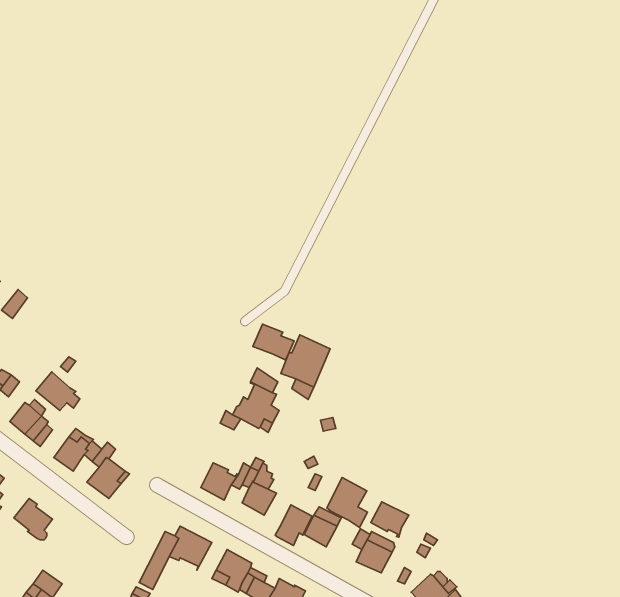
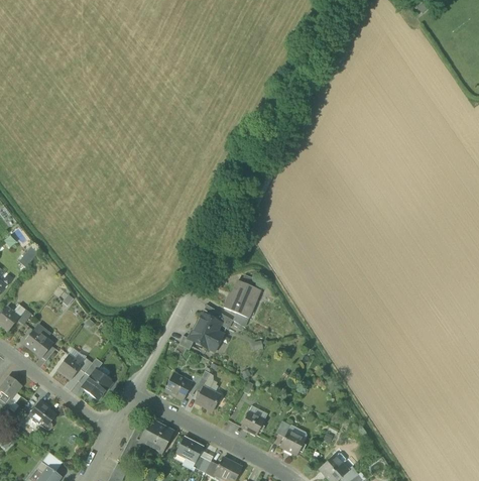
building: [253,324,294,360] -> none
building: [36,372,80,410] -> none
building: [327,478,367,527] -> none
building: [371,502,409,537] -> none
building: [275,505,312,545] -> none

